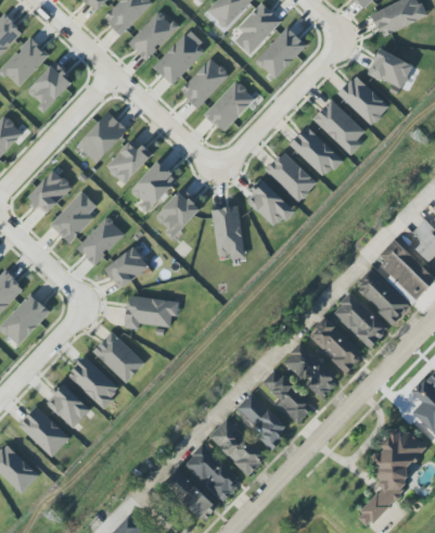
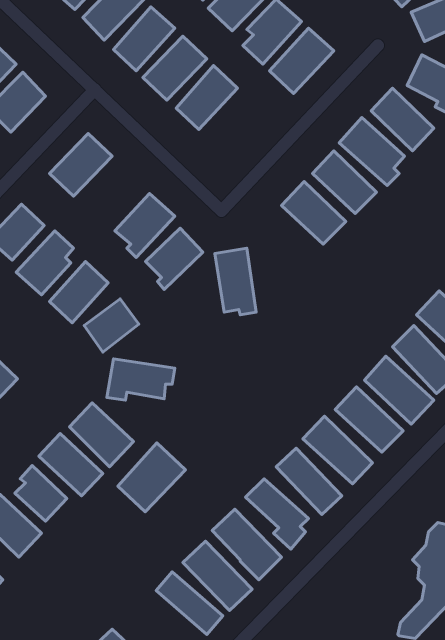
building: [203,80,254,131] -> none
building: [105,141,152,185] -> none
building: [246,178,293,228] -> none
building: none -> [118,443,185,512]

